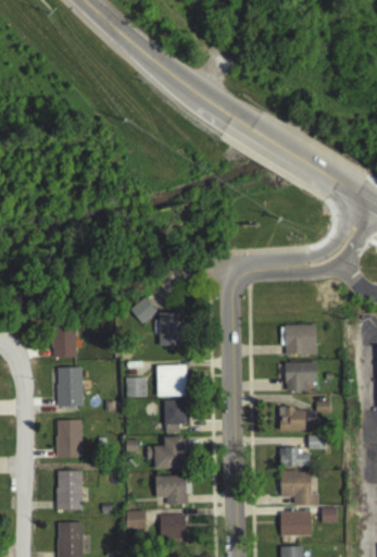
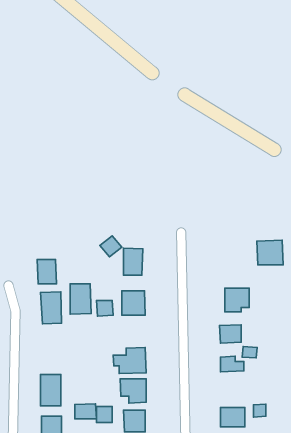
building: [285,324,317,355] -> [257,240,283,265]
building: [165,401,186,432] -> none
building: [56,420,83,458] -> [70,284,91,314]
building: [280,470,318,505] -> none
building: none -> [75,404,96,419]

